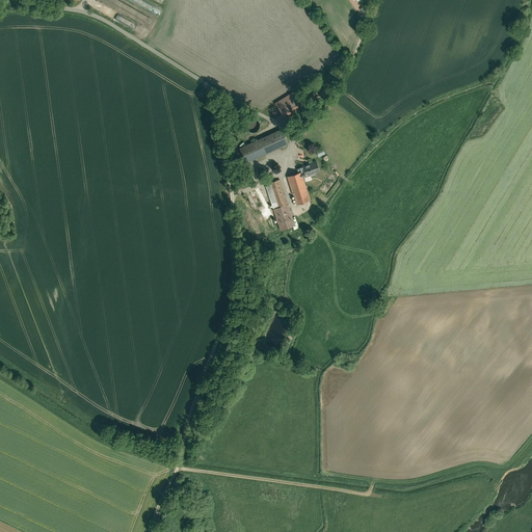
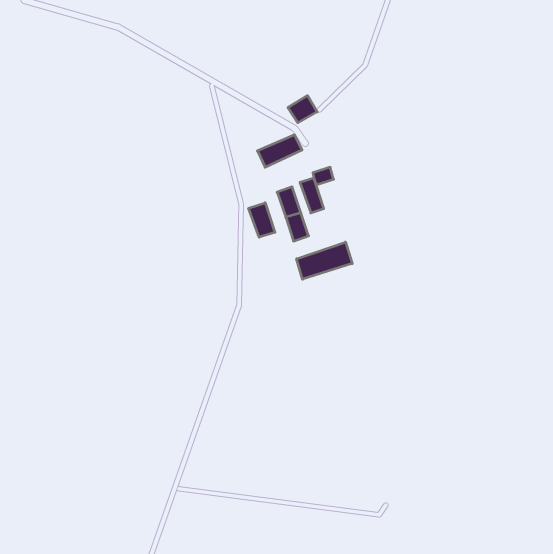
building: none -> [249,203,275,237]
building: none -> [297,242,352,279]

